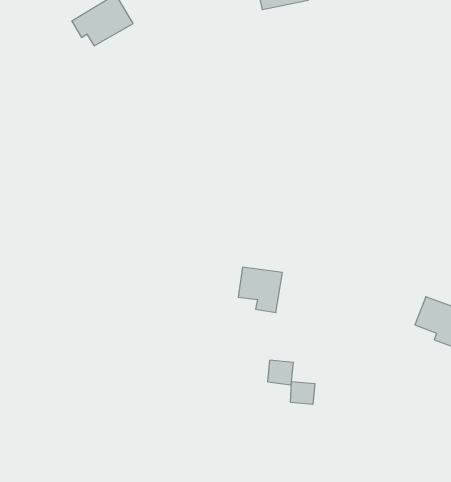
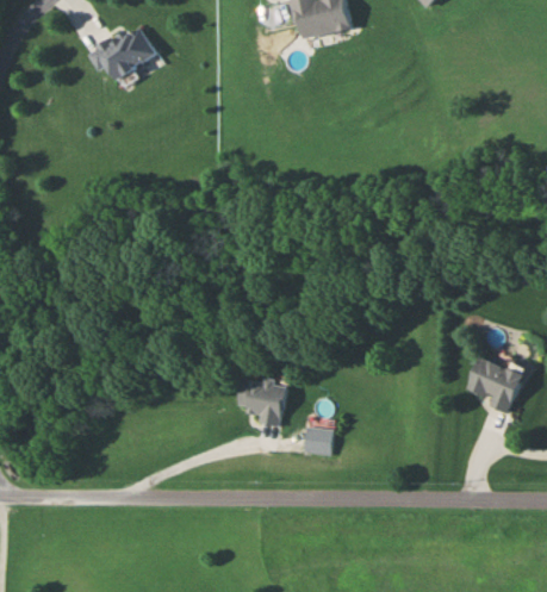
building: [238,267,282,312] -> [240,376,288,426]
building: [291,381,315,404] -> none

